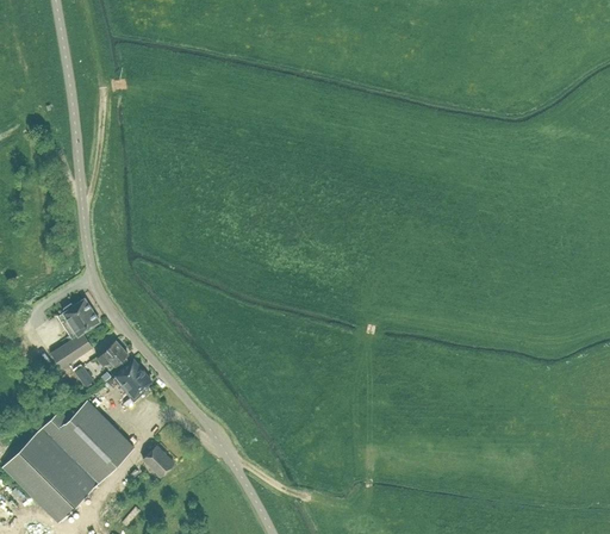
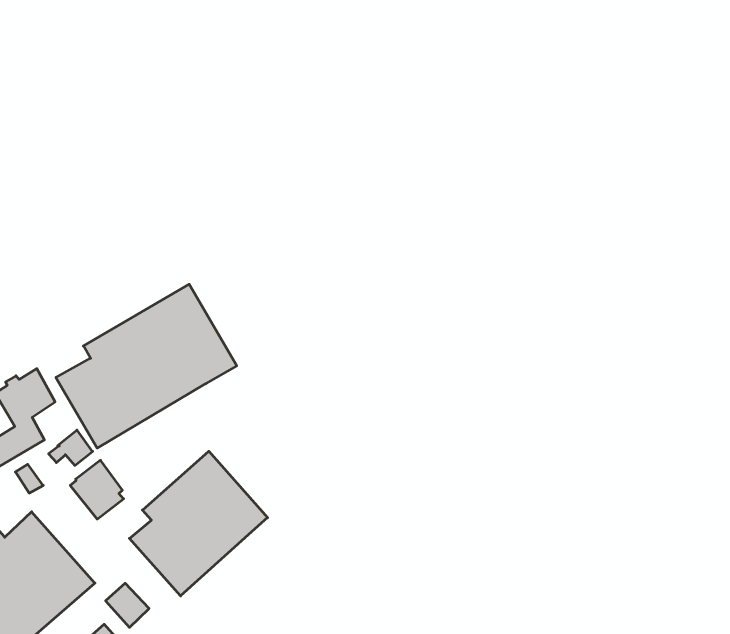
building: none -> [56,284,237,448]
building: none -> [129,451,268,596]

